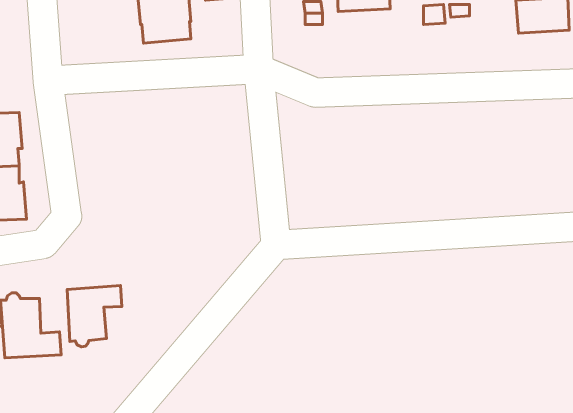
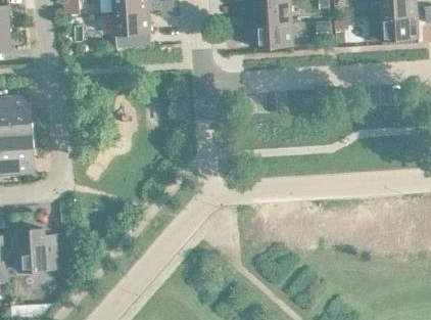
building: none -> [254,21,292,47]
building: [67,286,122,347] -> none

